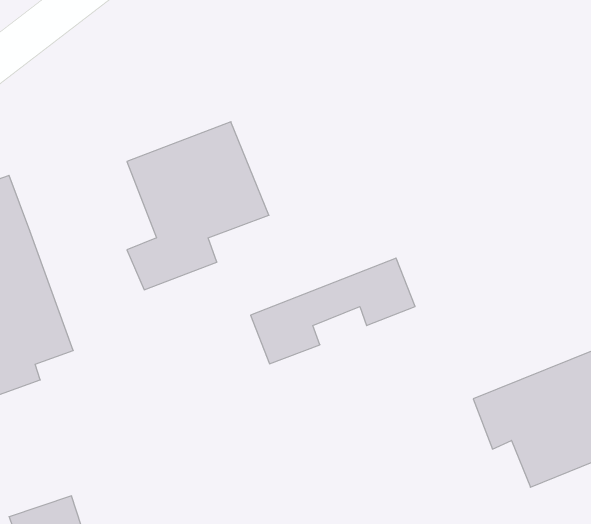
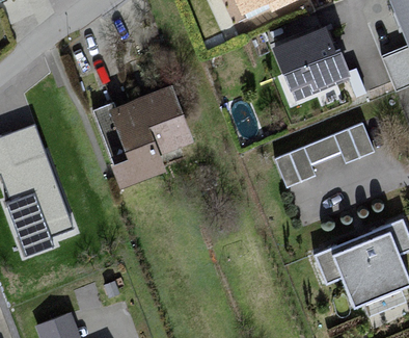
building: none -> [273,26,348,99]
building: [251,258,415,364] -> [274,125,373,188]

